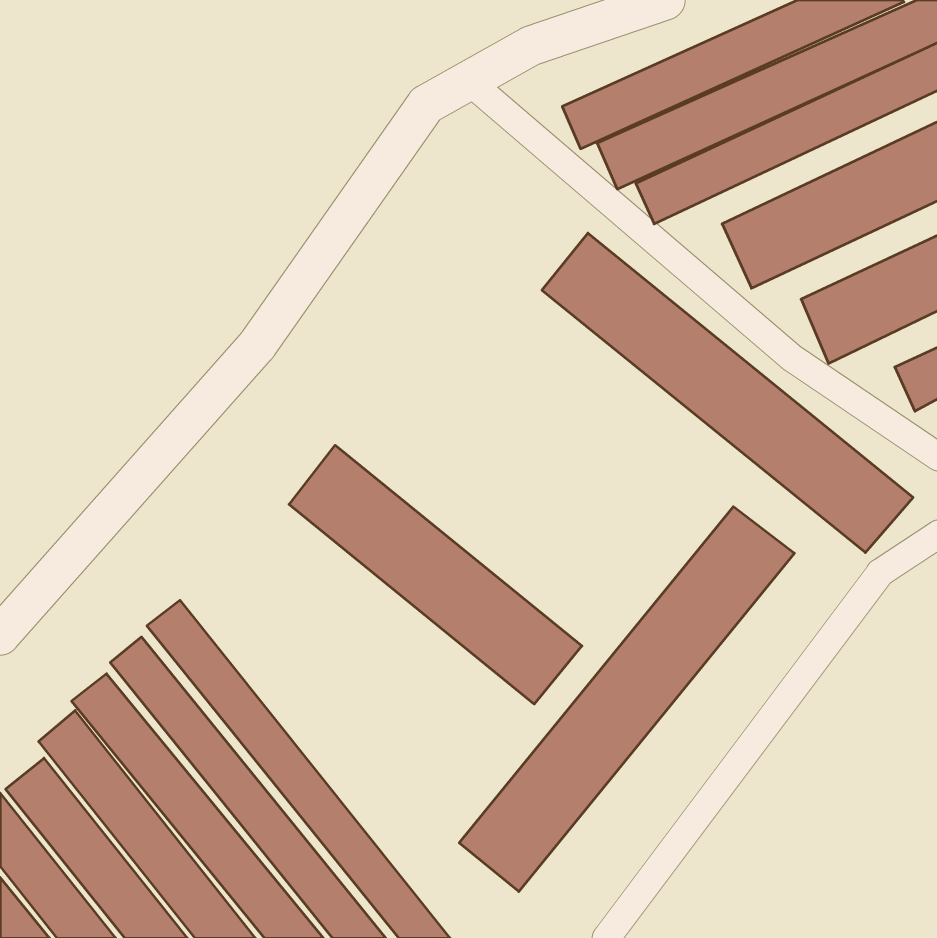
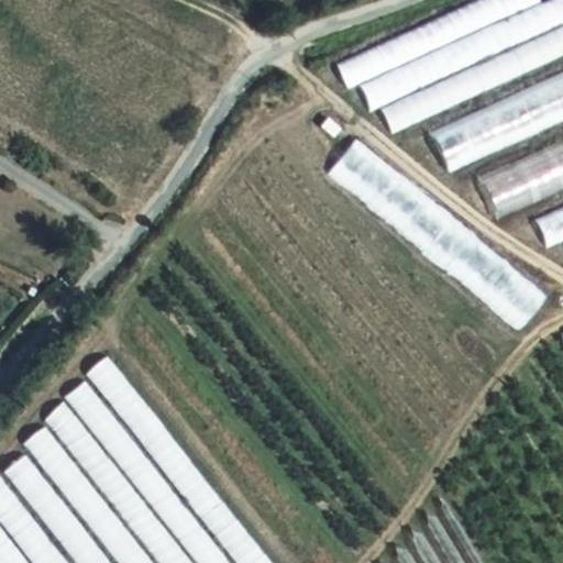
building: [289,445,582,704] -> none
building: [459,507,794,892] -> none

